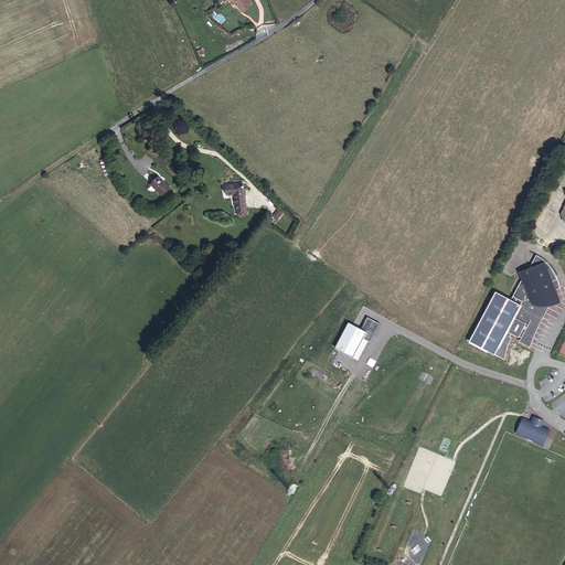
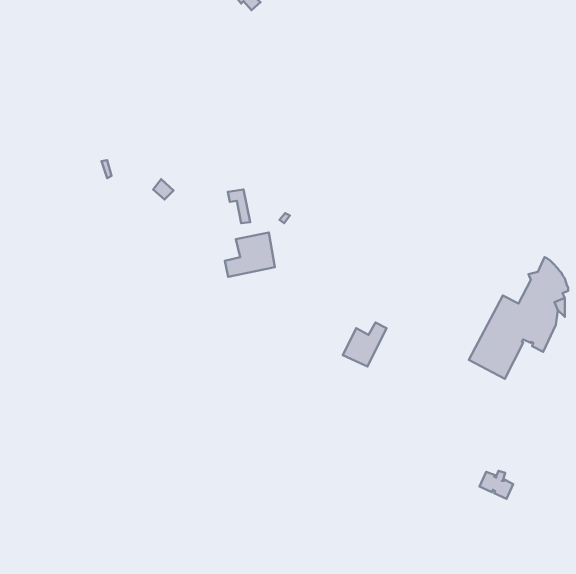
building: none -> [225,232,275,277]
building: [516,415,550,443] -> [479,471,513,499]

